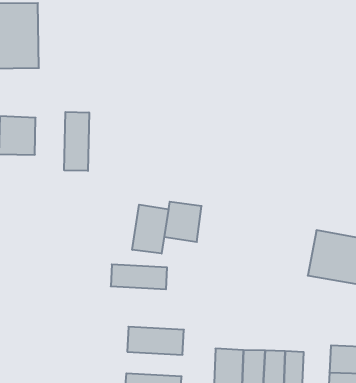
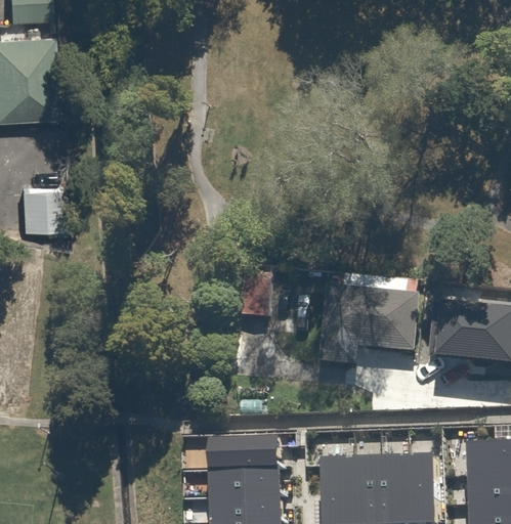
building: [64,112,89,171] -> none
building: [132,205,168,254] -> none
building: none -> [326,291,418,370]
building: [111,264,167,289] -> [208,468,280,497]

